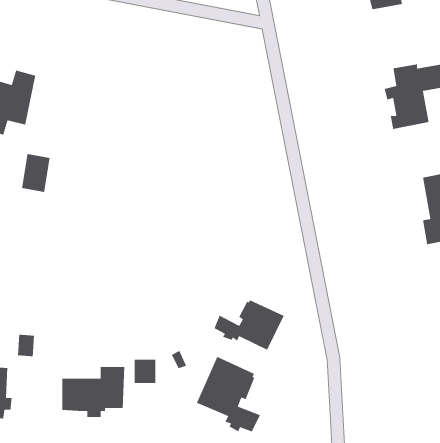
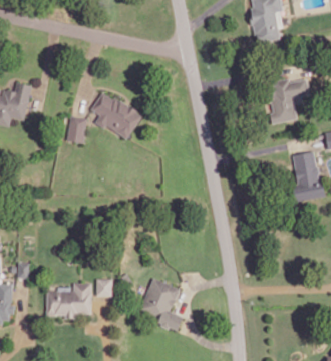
building: none -> [91,93,139,137]
building: [21,153,51,193] -> [66,116,86,143]
building: [214,299,285,351] -> none

